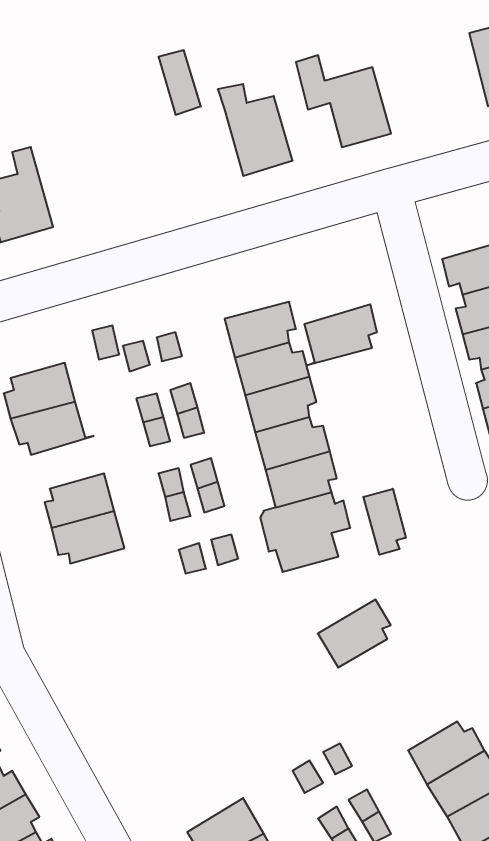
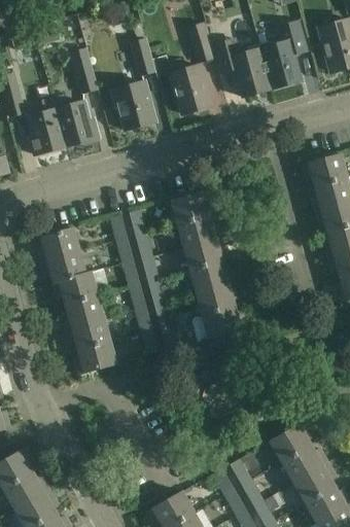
building: none -> [260,22,307,89]
building: none -> [188,23,214,64]
building: none -> [71,47,99,95]
building: none -> [111,81,156,130]
building: none -> [54,94,99,145]
building: [304,304,377,365] -> none
building: none -> [54,272,98,304]
building: [363,489,406,555] -> none
building: none -> [74,340,117,374]
building: [318,600,391,668] -> [270,421,314,462]

